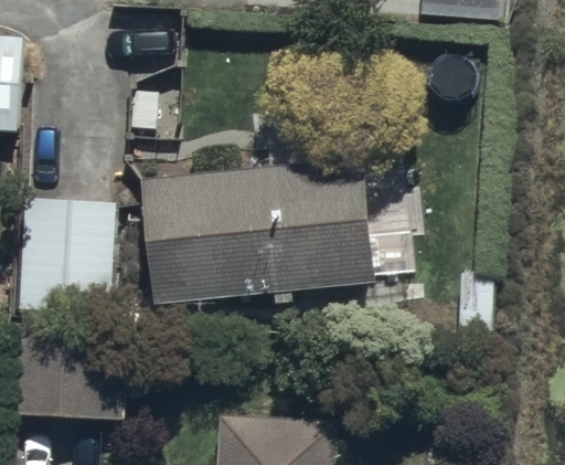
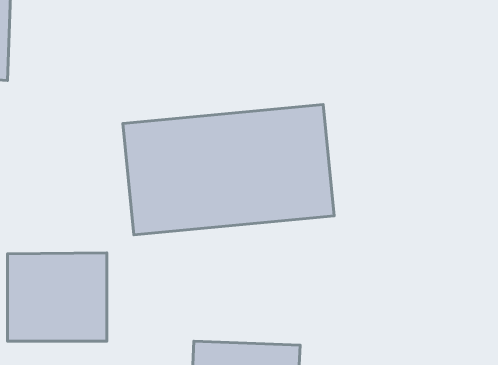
building: [18,201,115,317] -> none

